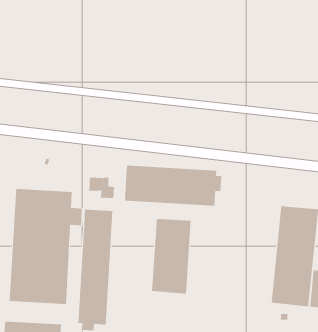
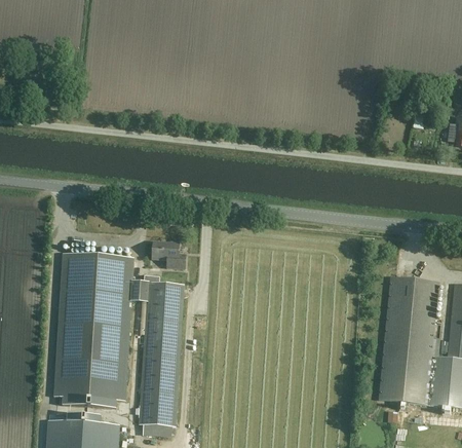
building: [124,165,222,206] -> none
building: [152,218,191,294] -> none

